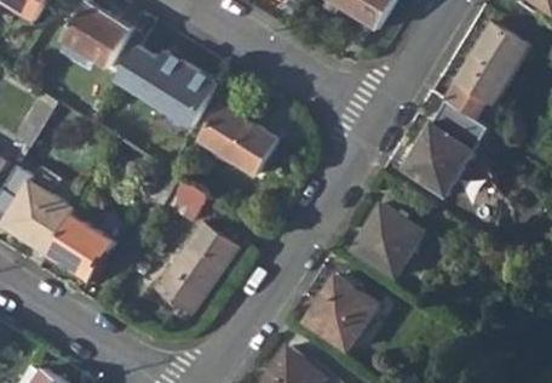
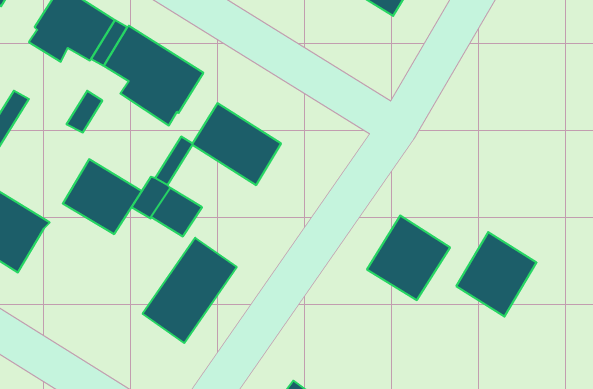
building: [444,23,529,127] -> none
building: [402,122,472,196] -> [456,232,537,317]
building: [46,213,115,279] -> [63,159,142,234]
building: [304,275,376,349] -> none

